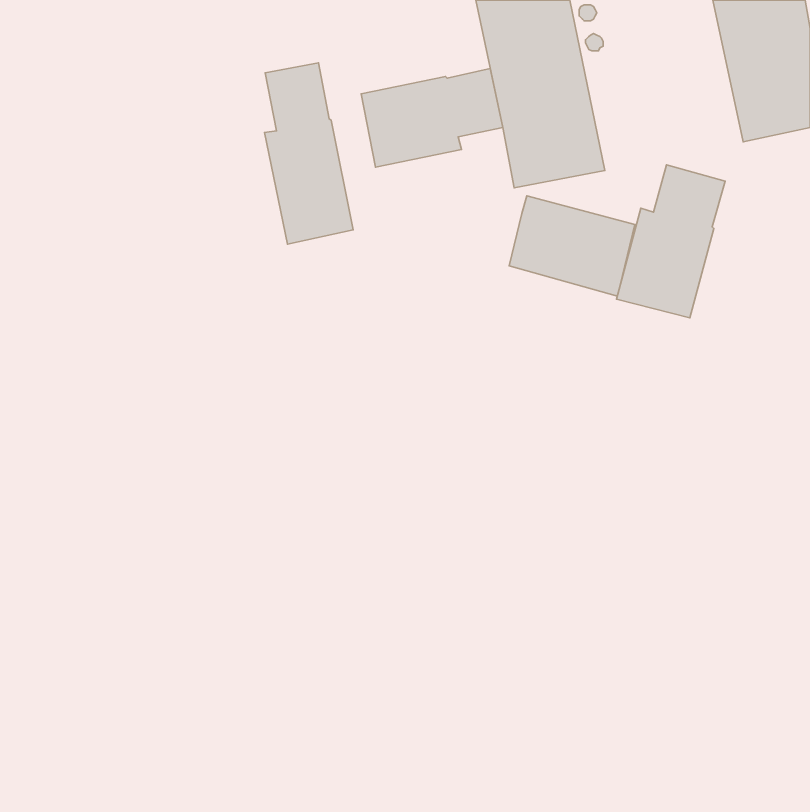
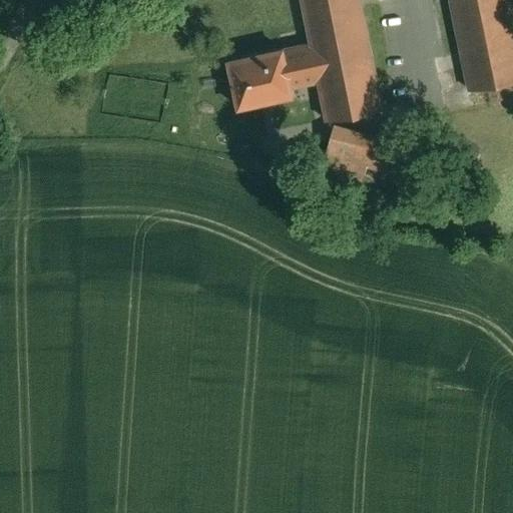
building: [265,63,353,244] -> none
building: [617,165,725,318] -> none

